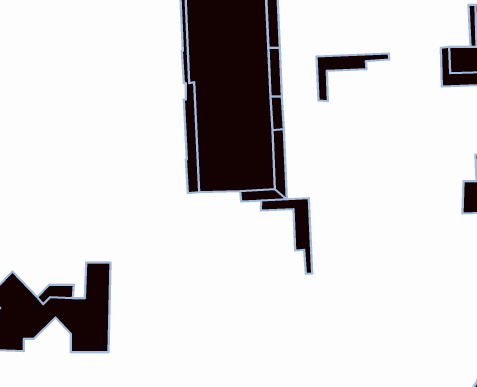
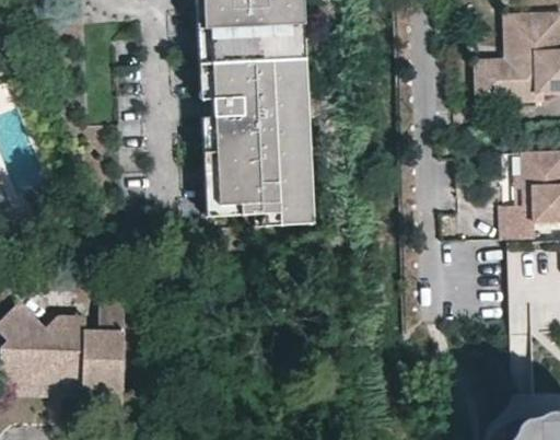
building: [316,54,389,101] -> none
building: [261,198,312,274] -> none
building: none -> [32,350,82,387]

